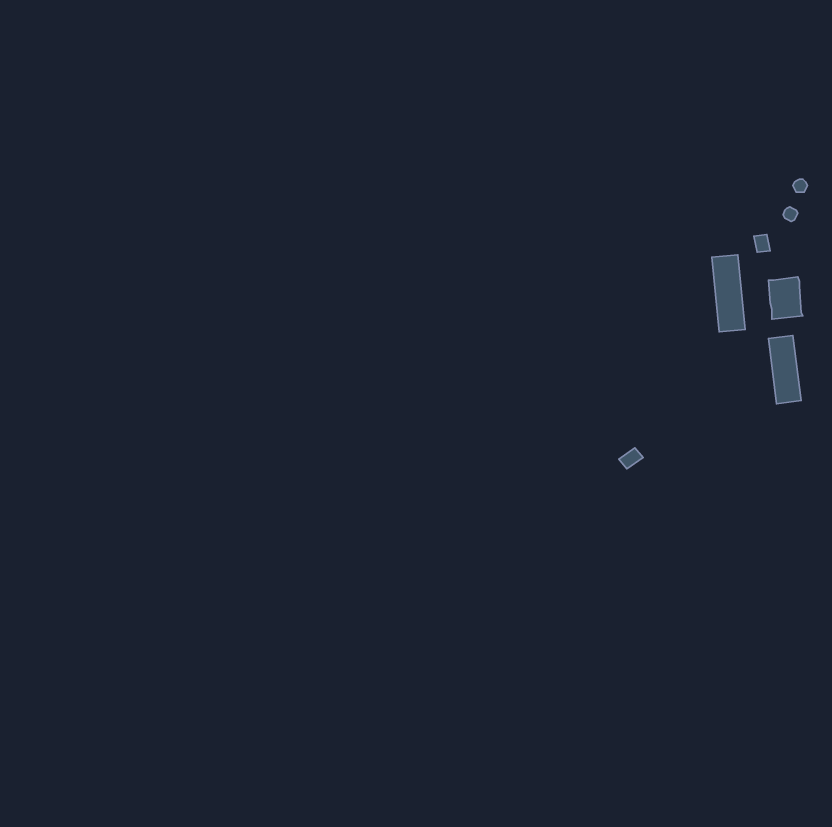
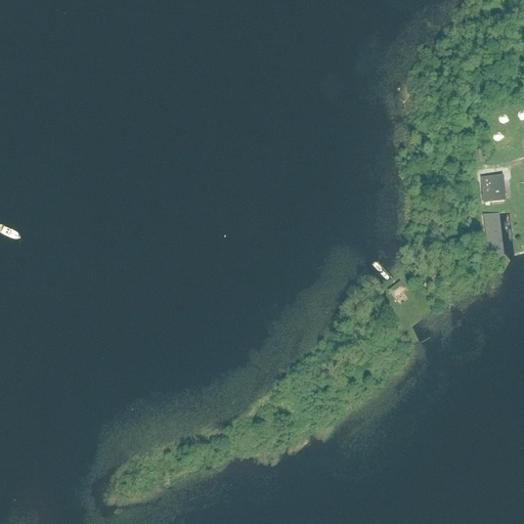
building: [712,255,745,332] -> none

